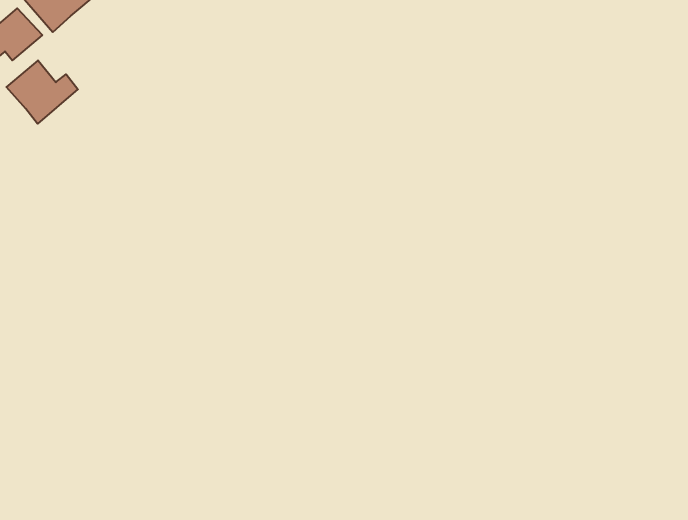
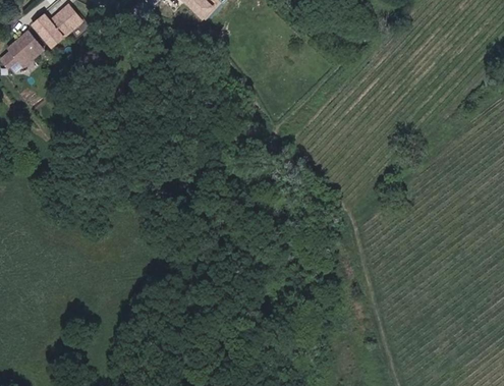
building: [6,60,78,124] -> none

